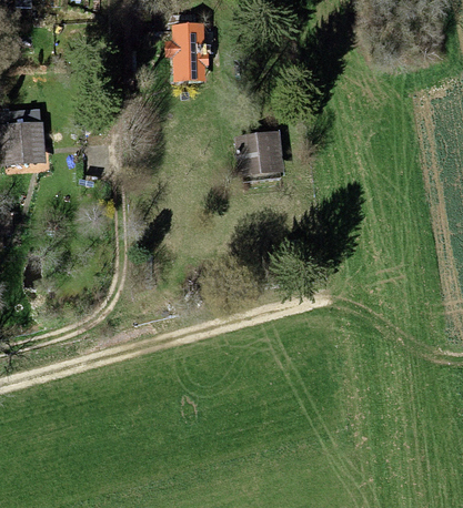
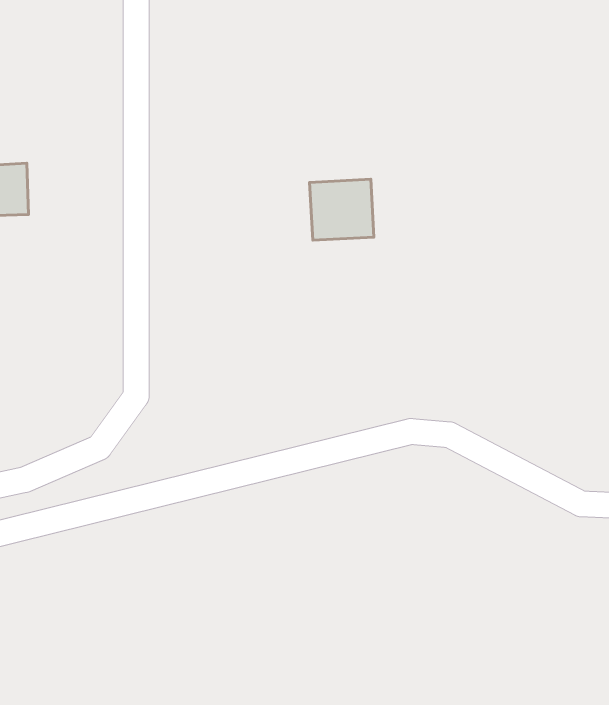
building: [173,23,204,69] -> none

